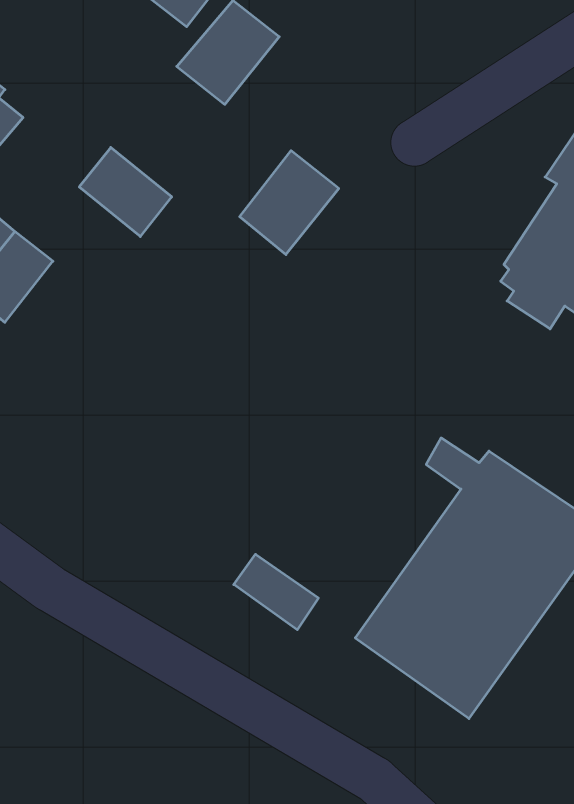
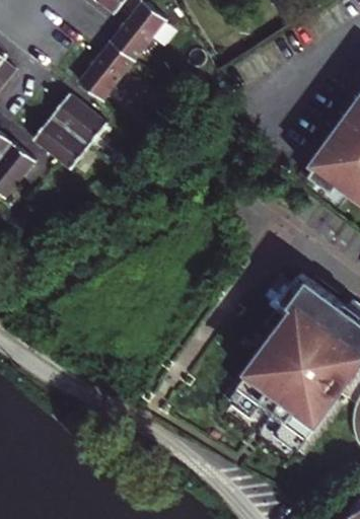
building: [240,151,339,255] -> [80,45,141,108]
building: none -> [33,119,89,171]
building: [234,554,318,630] -> none

